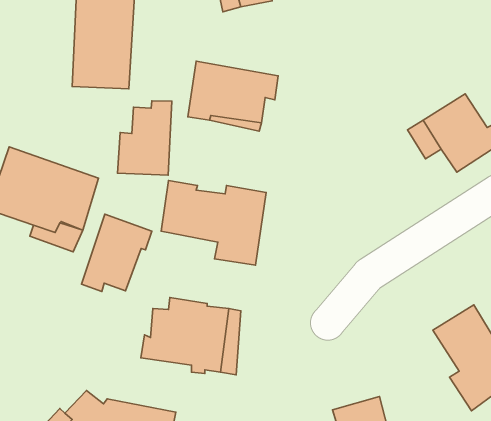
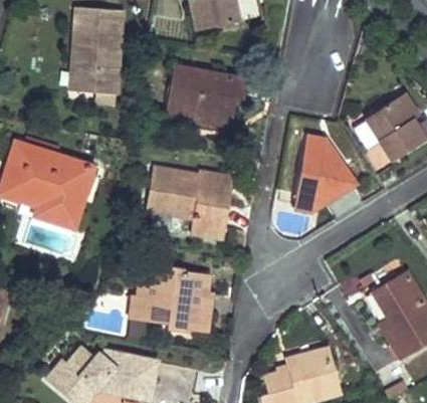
building: [117,101,172,175] -> none
building: none -> [293,139,354,211]
building: [81,214,152,292] -> none

